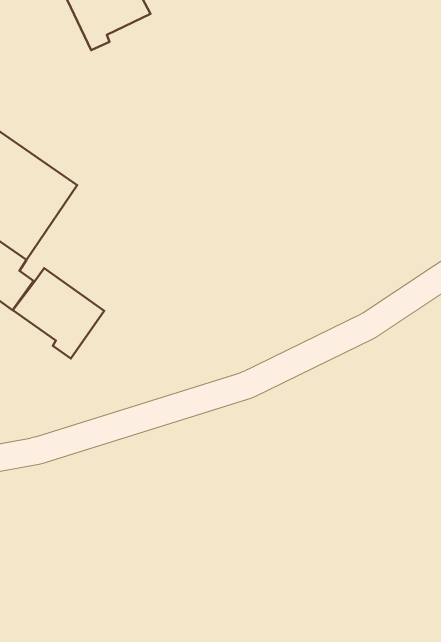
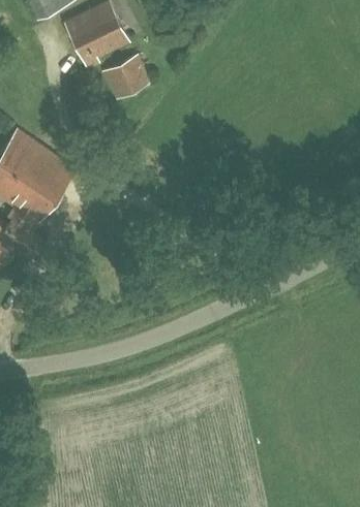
building: none -> [101,54,151,100]
building: [13,268,104,358] -> none

